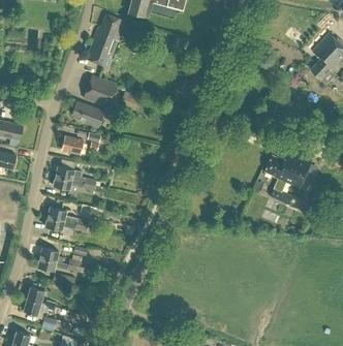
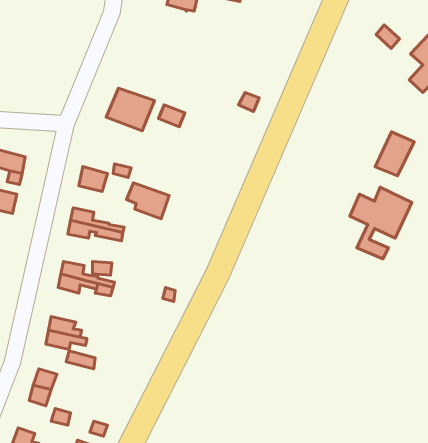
building: [85,13,125,67] -> none
building: [70,100,102,127] -> [127,183,169,219]
building: none -> [375,132,414,176]

